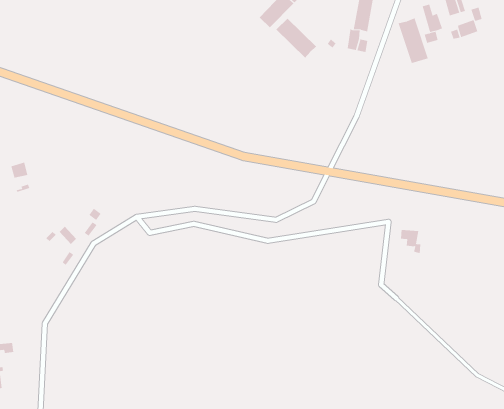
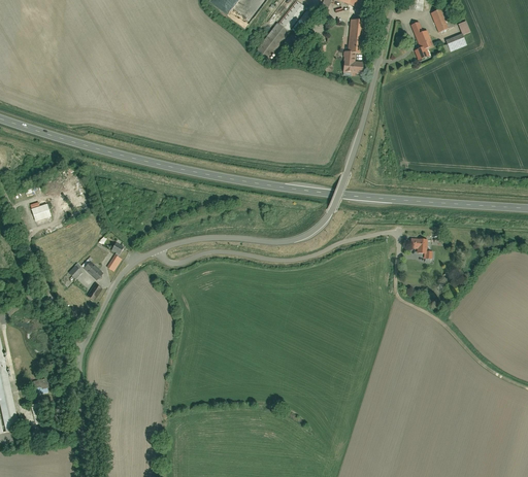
building: [398,18,429,64] -> none
building: [276,18,317,58] -> none

